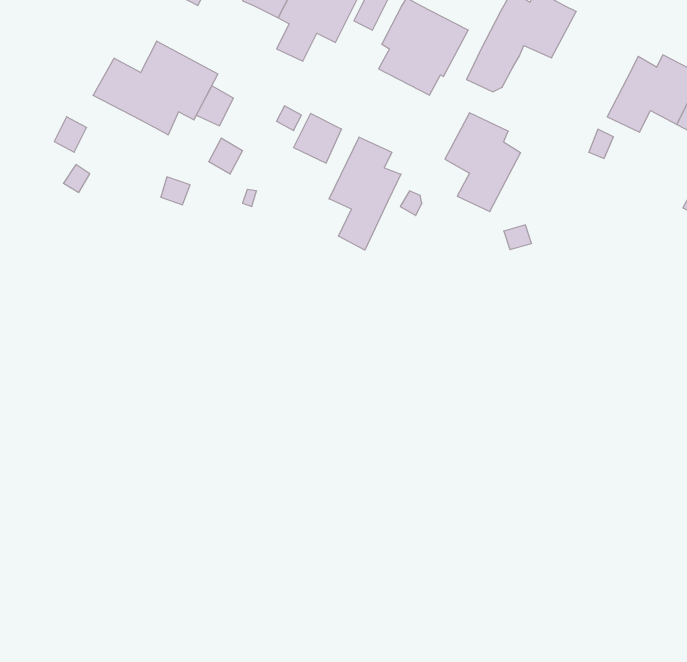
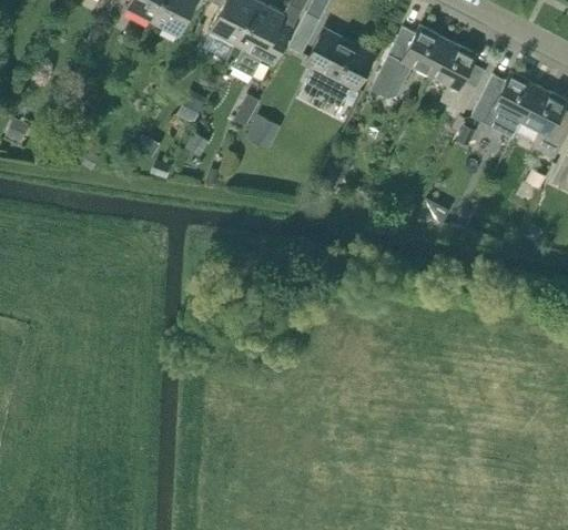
building: [93,41,218,135] -> none
building: [445,113,521,212] -> [430,41,485,112]
building: [329,137,401,250] -> none

